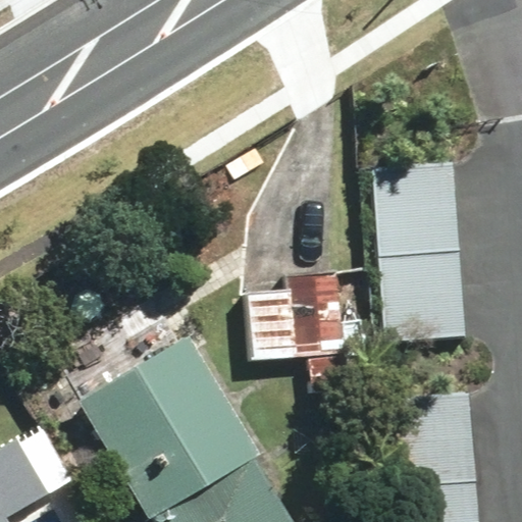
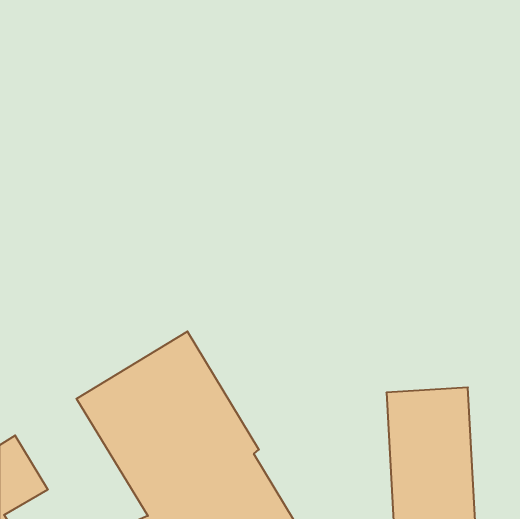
building: [373,166,467,345] -> none
building: [244,273,345,364] -> none

